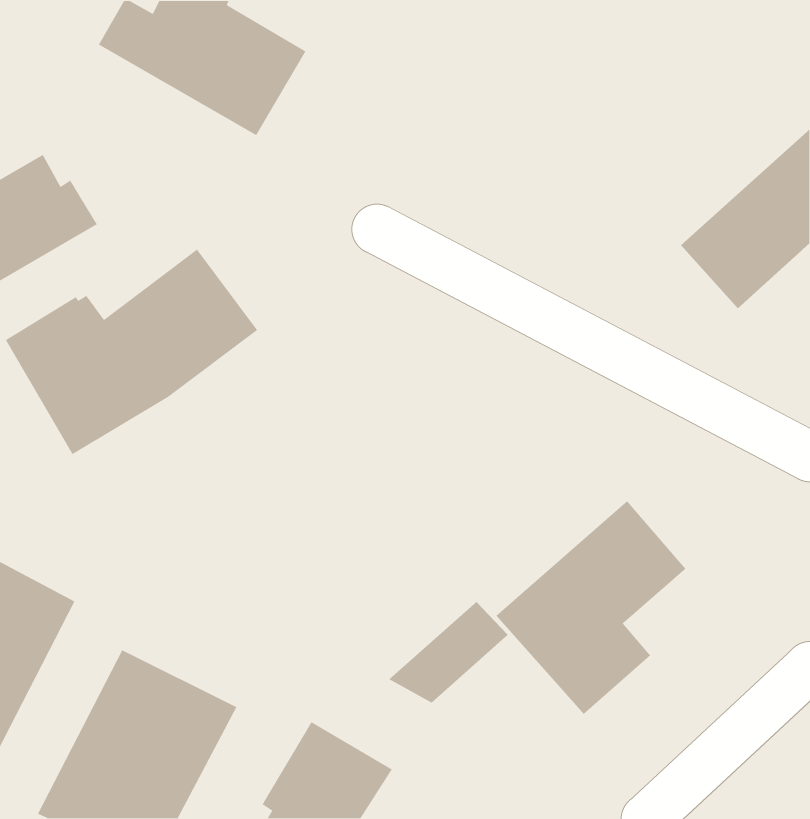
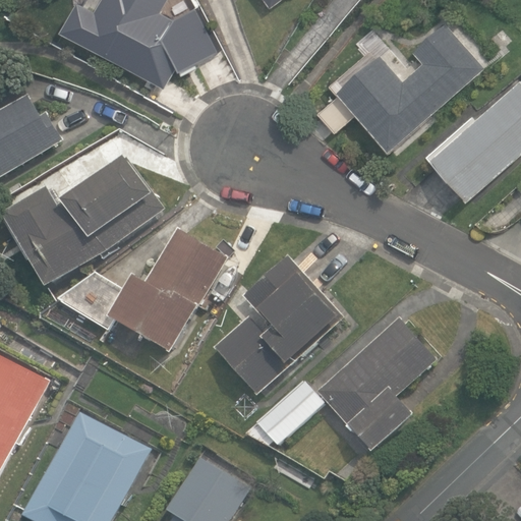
building: none -> [337,22,481,148]
building: none -> [58,228,229,355]
building: none -> [213,256,343,397]

